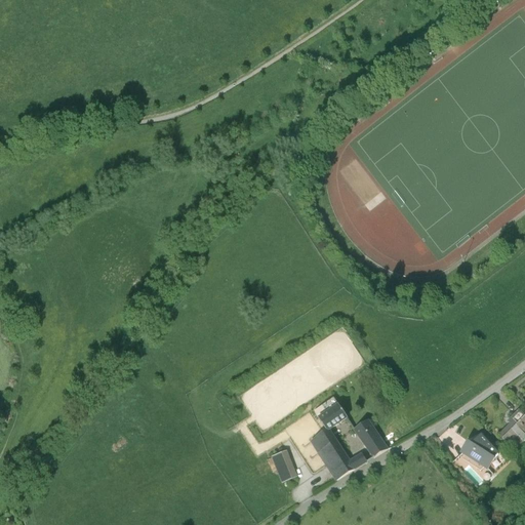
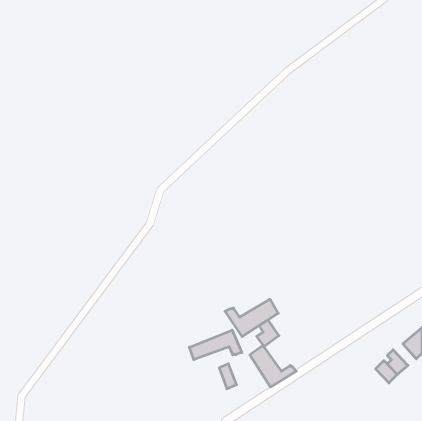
building: none -> [225,299,278,337]
building: none -> [189,330,242,360]
building: [353,418,387,455] -> none

